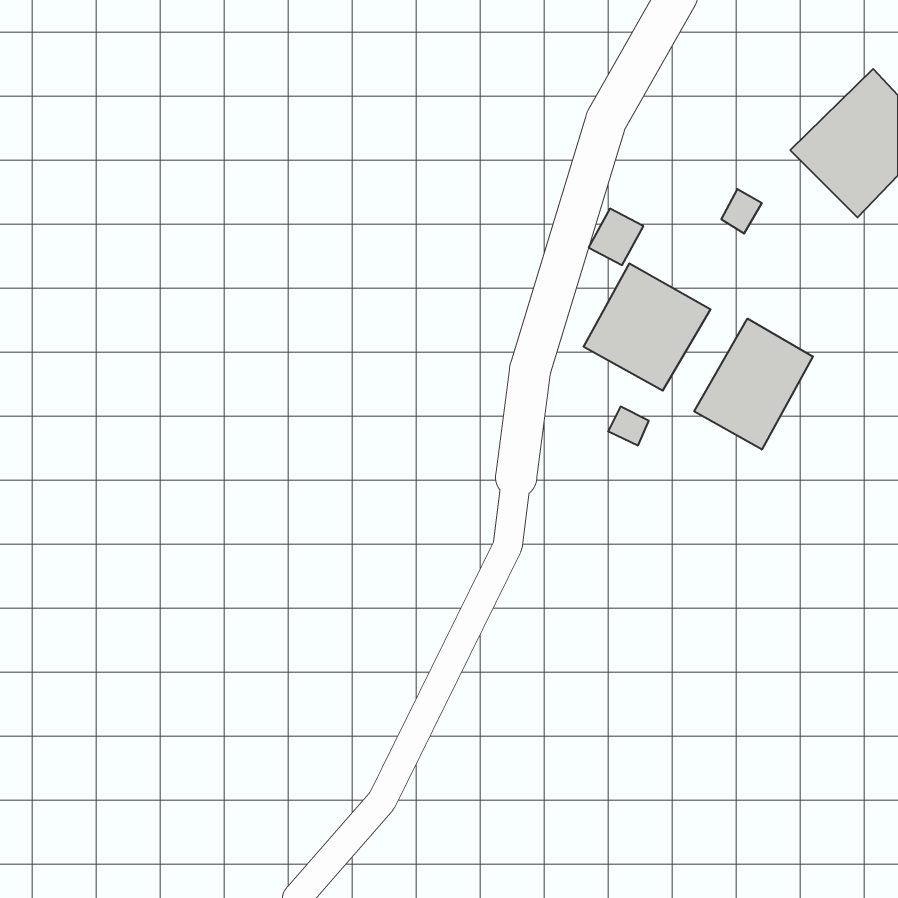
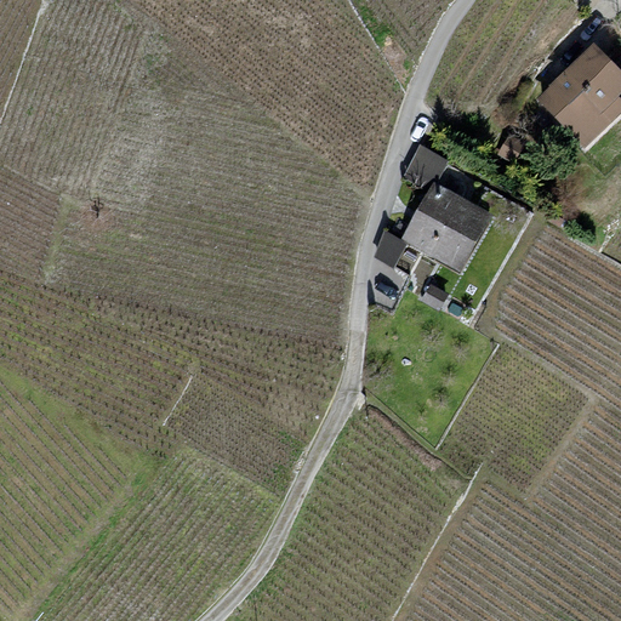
building: [694,319,813,450] -> none

